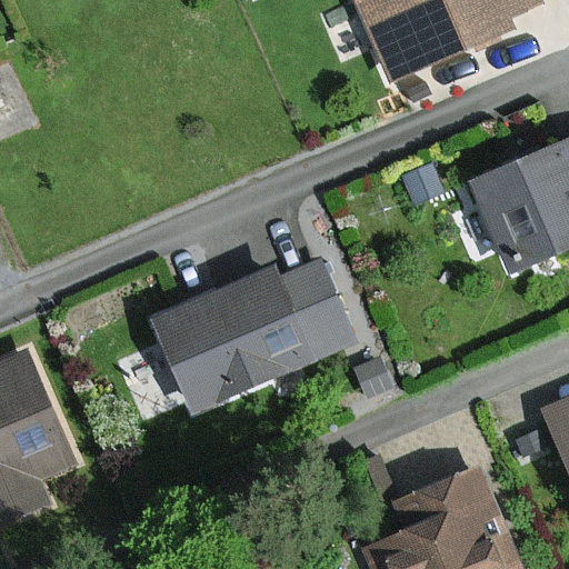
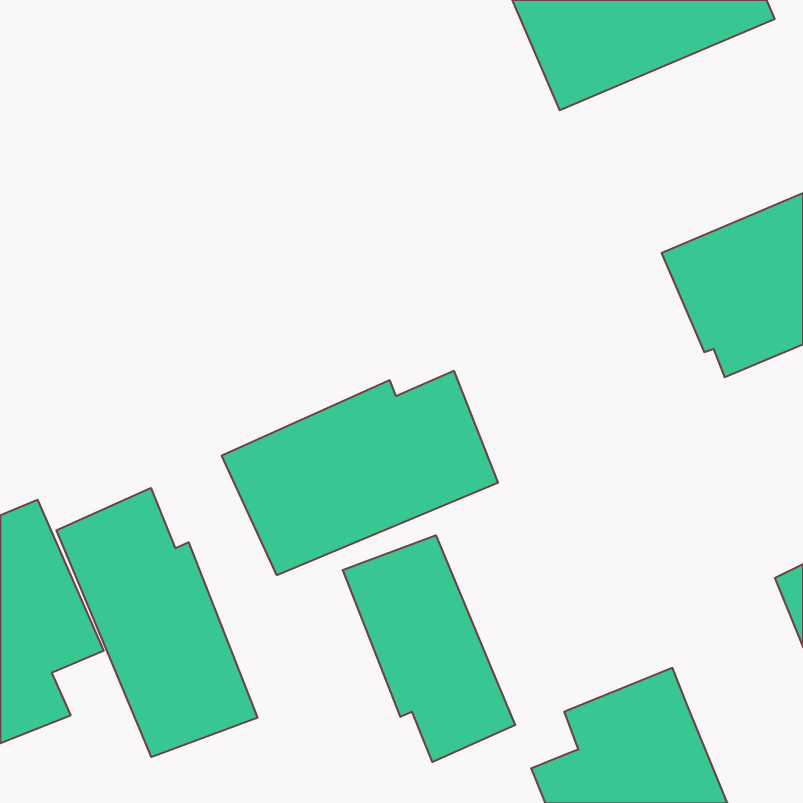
building: none -> [56,488,258,757]
building: none -> [343,535,515,762]

